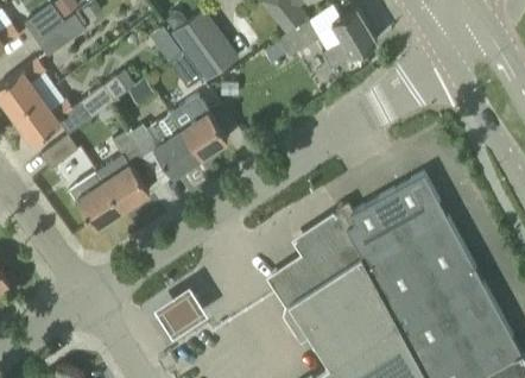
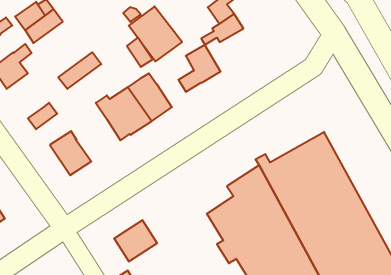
building: [321,8,375,69] -> [178,45,221,92]
building: [12,97,74,144] -> none
building: [101,132,148,212] -> none

